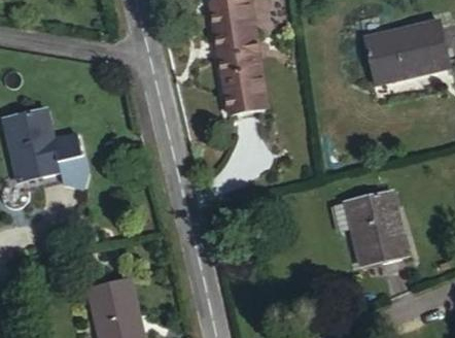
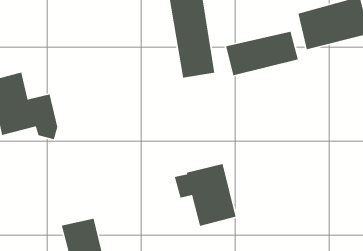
building: none -> [225,31,299,76]
building: [332,191,406,265] -> [174,163,236,227]

